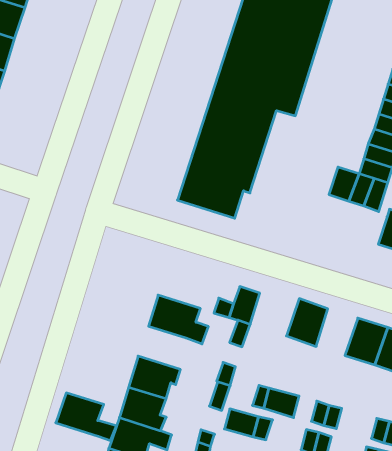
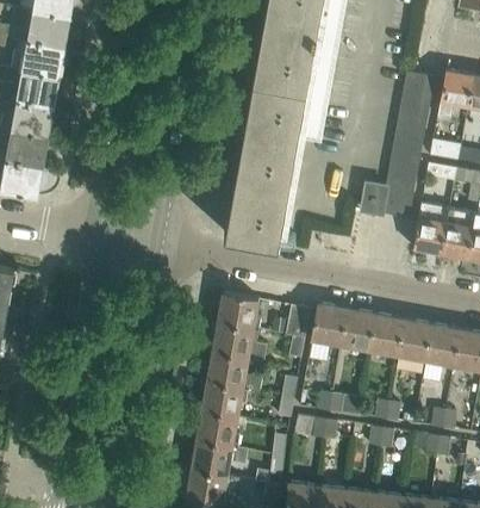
building: none -> [218,291,261,329]
building: none -> [308,303,348,360]
building: none -> [369,314,404,354]
building: [56,393,117,441] -> [207,352,263,390]

